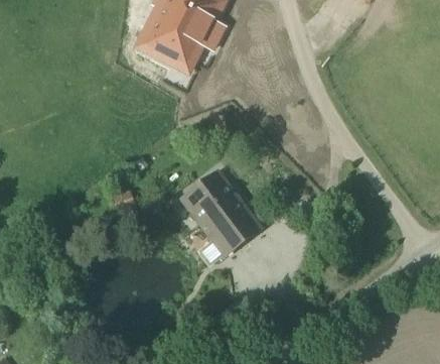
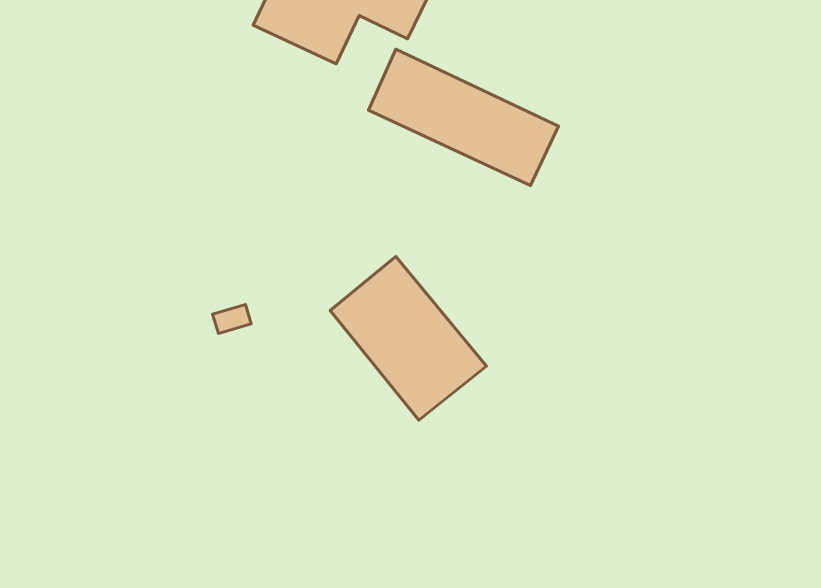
building: none -> [369,49,559,185]

